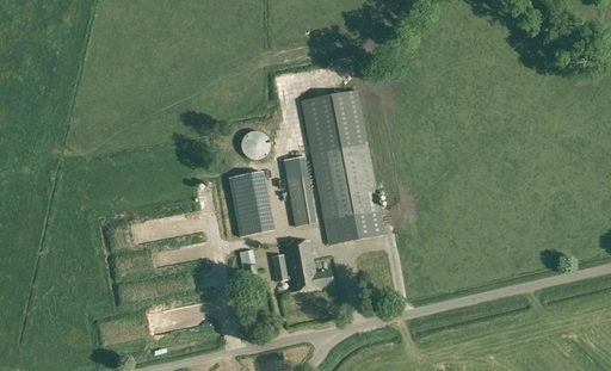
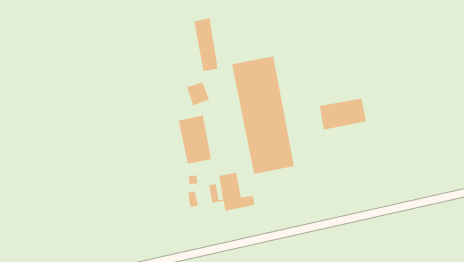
building: none -> [319,98,367,131]
building: [282,157,314,228] -> [194,17,219,72]

